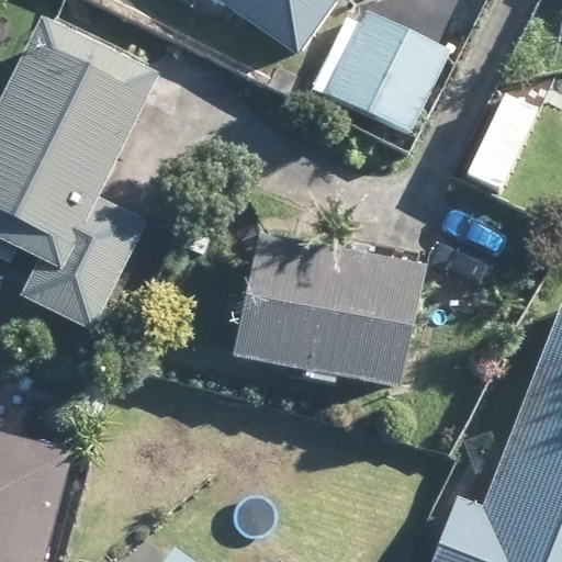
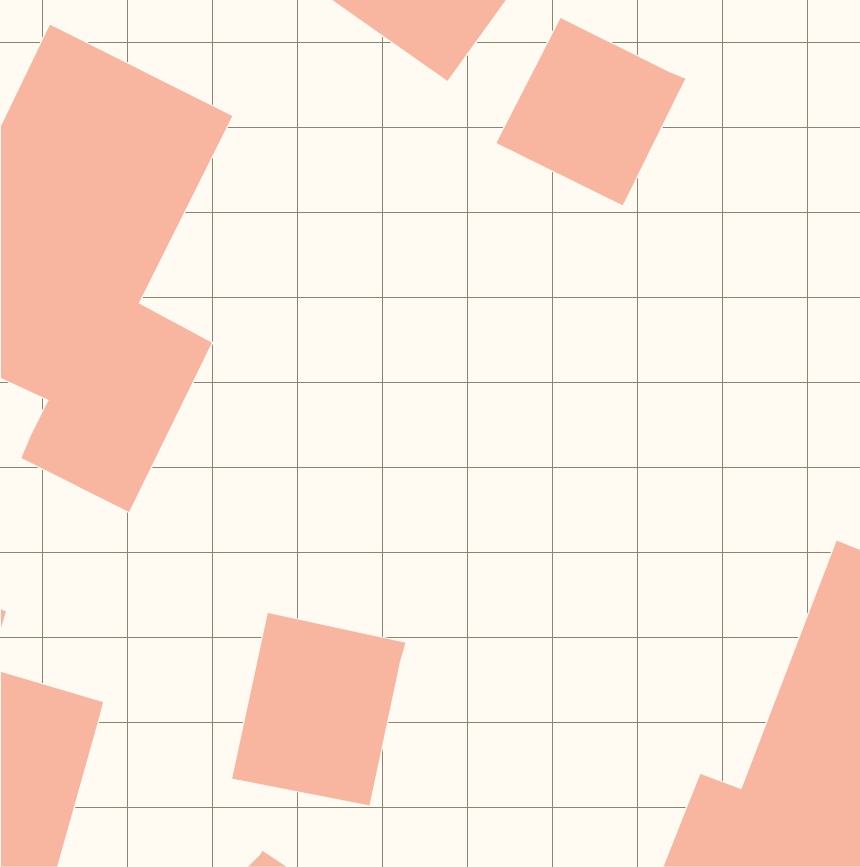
building: [231,233,418,390] -> none
building: none -> [231,612,406,806]

